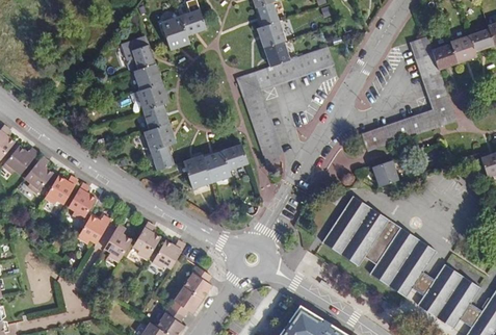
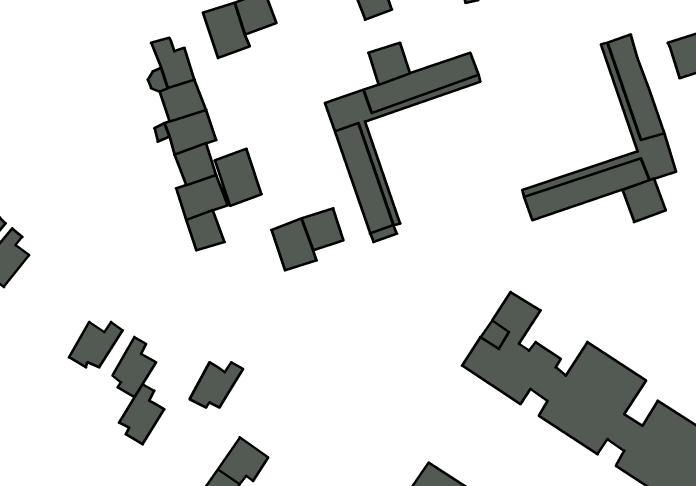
building: [256,20,285,47] -> none
building: [430,43,456,70] -> none
building: [182,154,211,189] -> [215,149,262,206]
building: [371,159,398,186] -> [622,179,666,222]
building: [45,175,77,203] -> none
building: [68,182,95,220] -> none
building: [357,207,399,248] -> none
building: [132,222,160,259] -> [119,384,164,444]
building: [183,266,210,299] -> none

